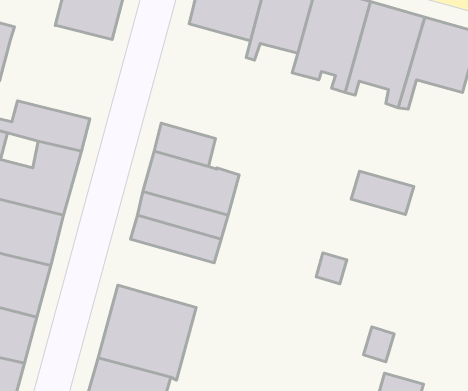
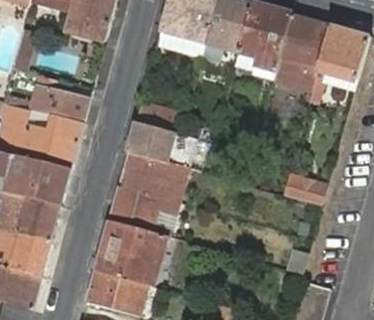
building: [351,171,414,215] -> [282,175,328,206]
building: none -> [109,185,178,235]

